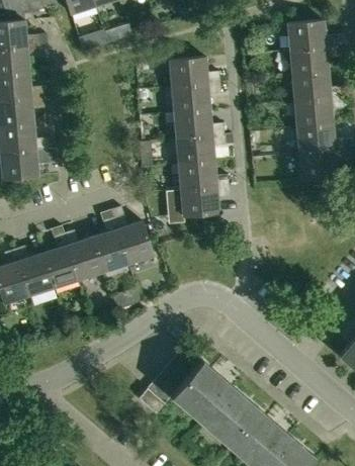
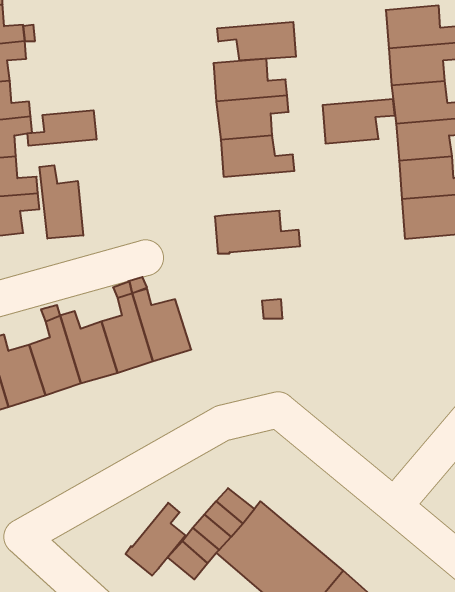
building: none -> [217,22,296,61]
building: none -> [27,110,96,146]
building: none -> [39,165,83,239]
building: [176,134,226,165] -> [323,99,395,143]
building: [180,186,230,217] -> none
building: none -> [126,503,186,576]

